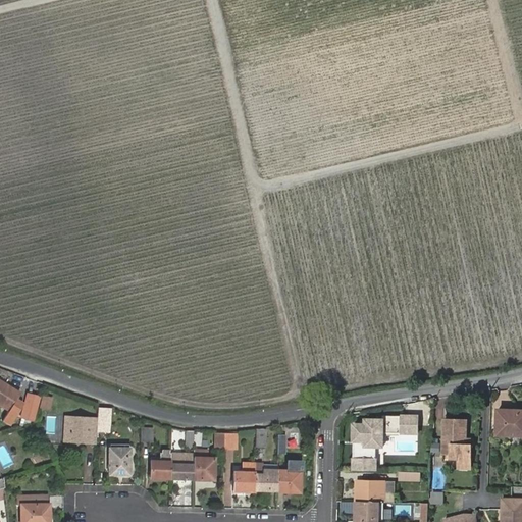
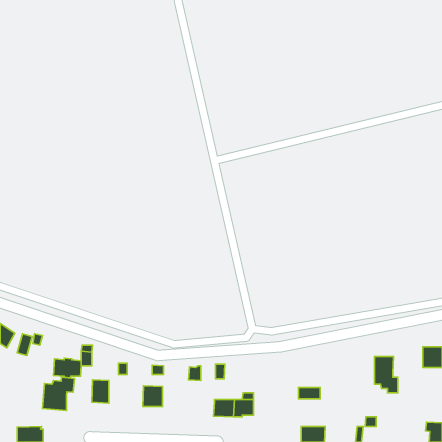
building: [400,414,419,434] -> none
building: [352,417,384,447] -> none
building: none -> [43,377,74,410]
building: [149,450,169,479] -> none
building: [192,459,212,480] -> none
building: [231,464,253,490] -> none
building: [355,479,384,503] -> none

